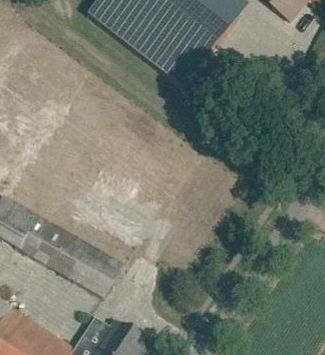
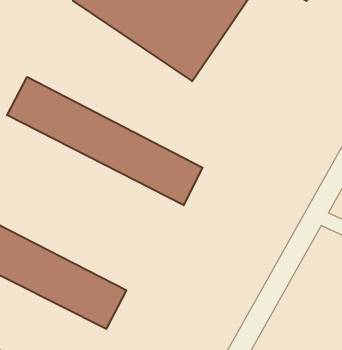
building: none -> [7,77,203,205]

